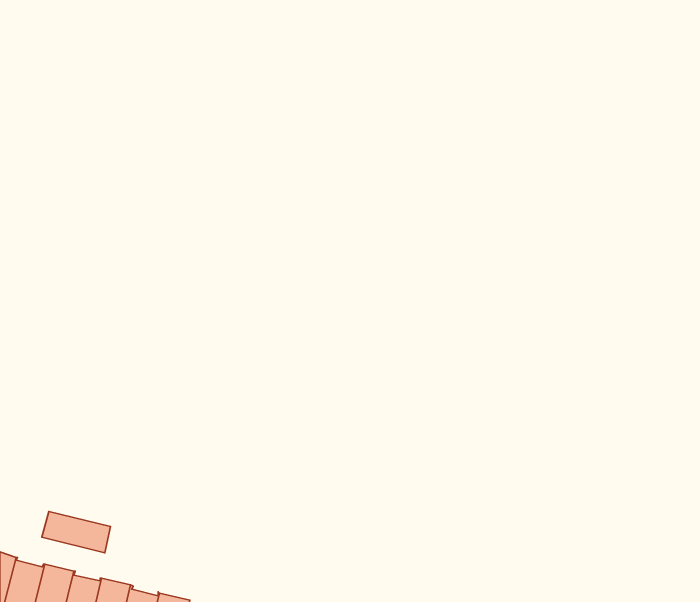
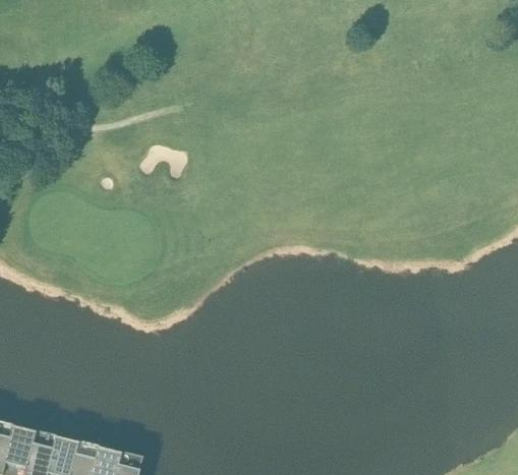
building: [42,511,110,553] -> none

